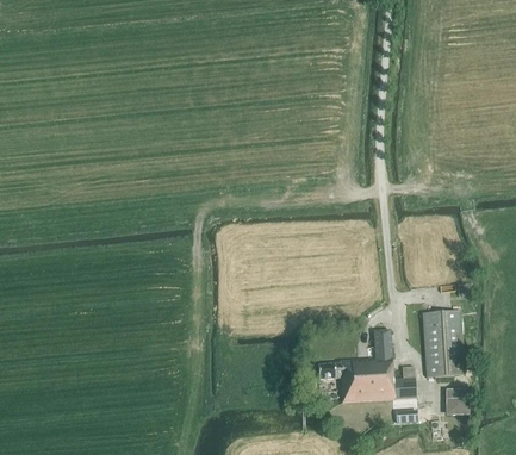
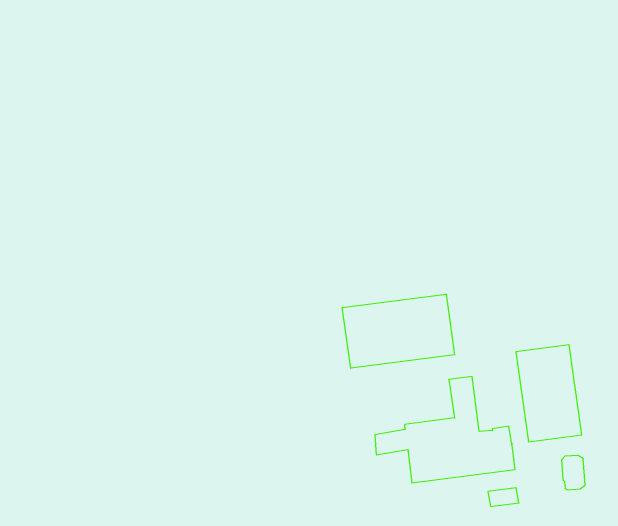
building: none -> [342,294,455,368]

